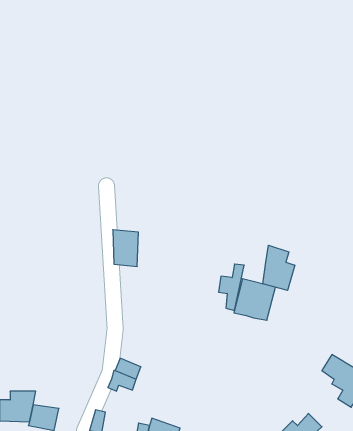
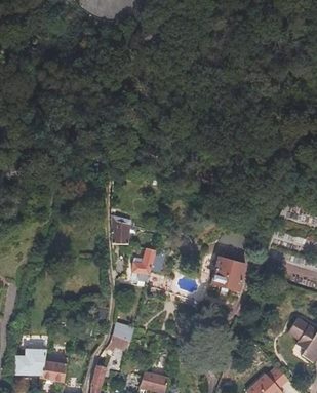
building: [263,245,295,290] -> none
building: [219,264,244,311] -> [131,246,153,285]

